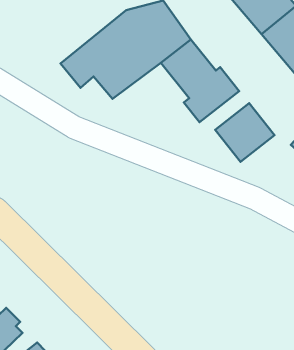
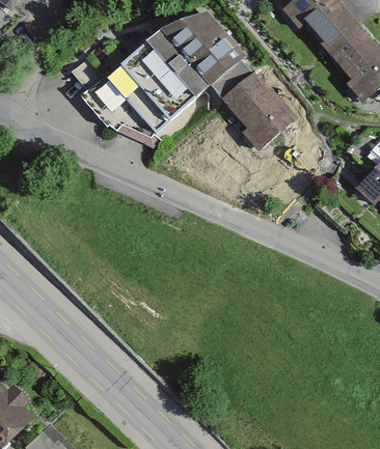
building: [215,103,275,162] -> none

